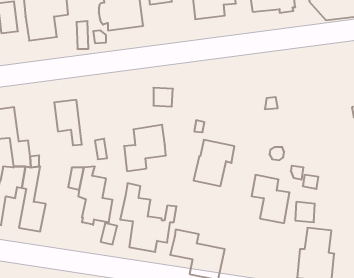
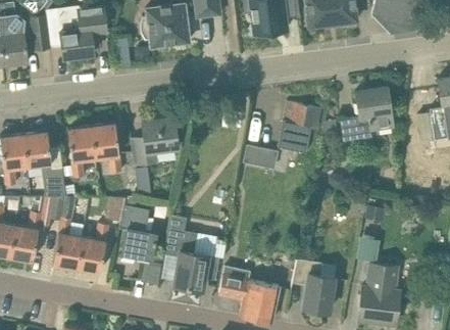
building: none -> [340,87,394,142]
building: none -> [67,127,95,178]
building: [124,125,166,171] -> [132,115,178,167]
building: [194,140,234,186] -> [276,102,320,153]
building: [252,175,290,223] -> [293,260,335,313]
building: none -> [76,225,108,273]

